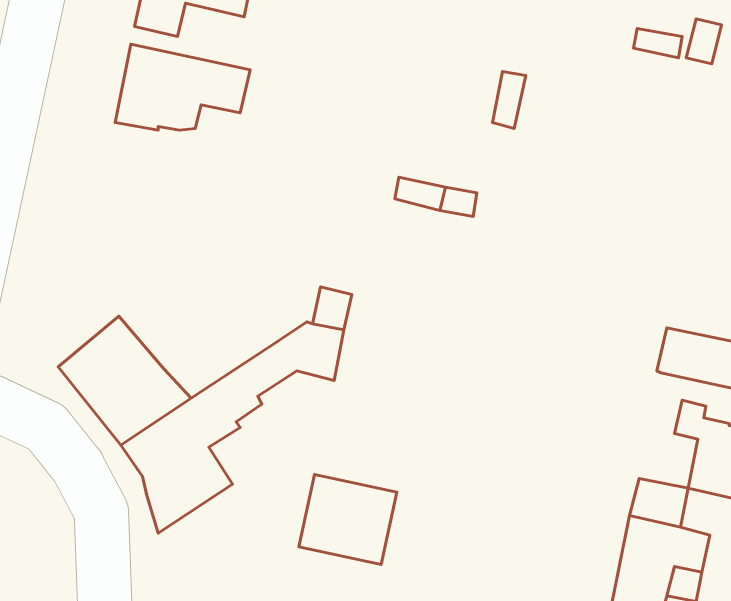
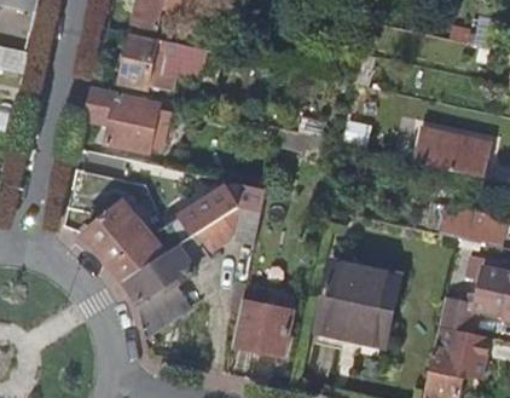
building: none -> [86,86,169,151]
building: none -> [413,125,492,177]
building: none -> [150,198,220,252]
building: none -> [315,260,400,346]

